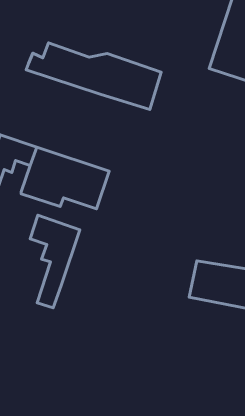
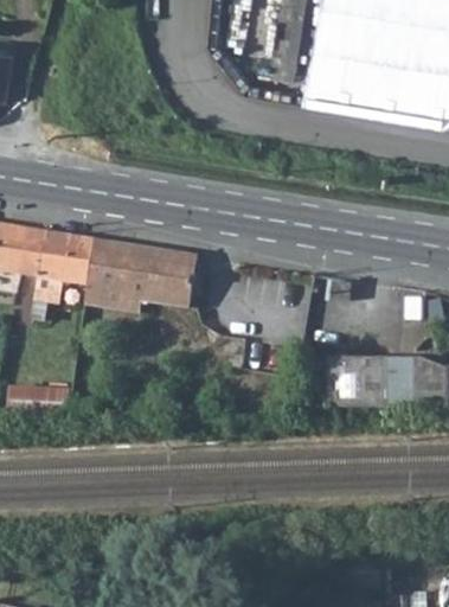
building: [26,43,161,109] -> none
building: [30,215,80,308] -> none

